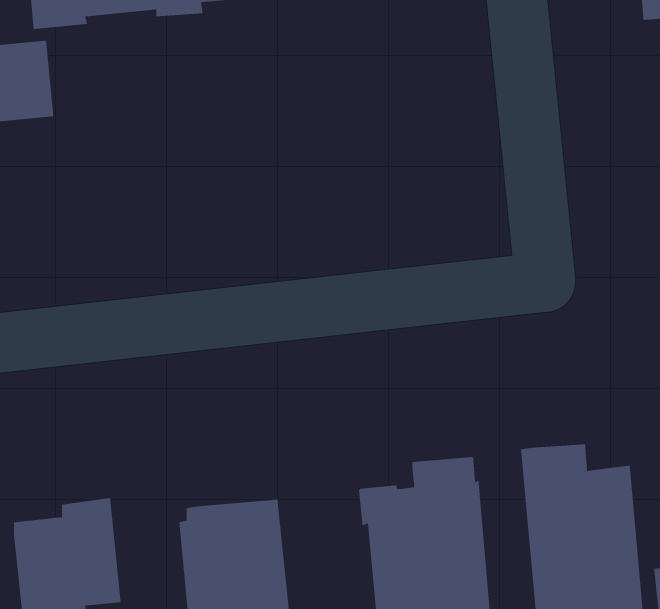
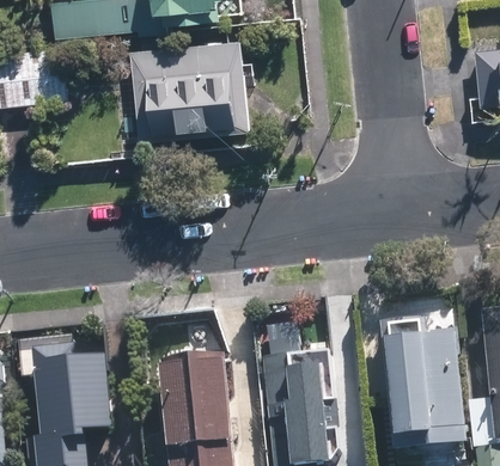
building: none -> [129,39,246,141]

